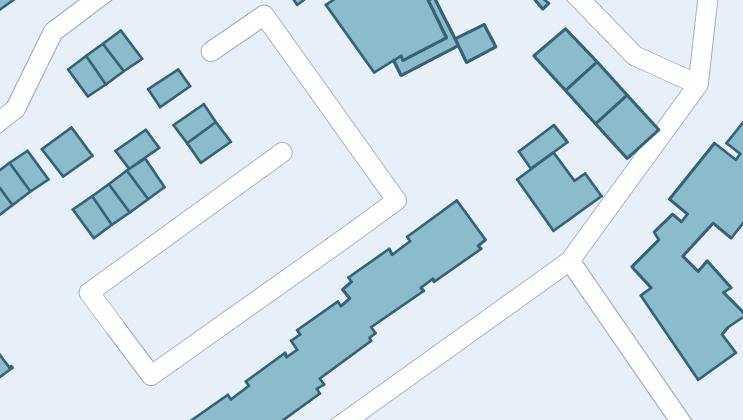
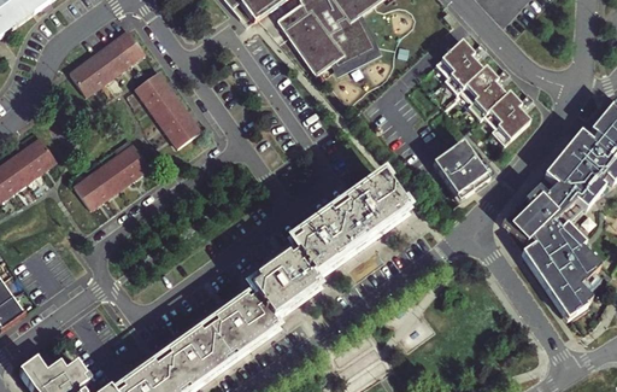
building: none -> [112,29,143,63]
building: [455,25,496,62] -> none
building: [519,125,567,169] -> none
building: [42,127,93,176] -> none
building: [116,130,159,169] -> [143,84,178,116]

